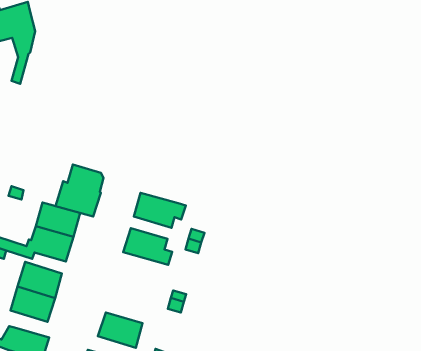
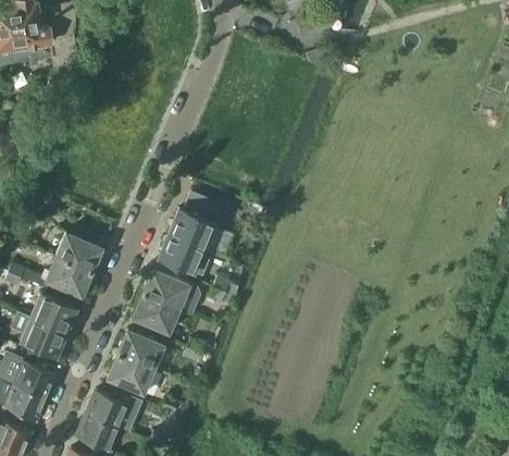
building: [55,165,103,217] -> [167,193,221,249]
building: none -> [133,294,188,334]
building: none -> [117,331,165,370]

